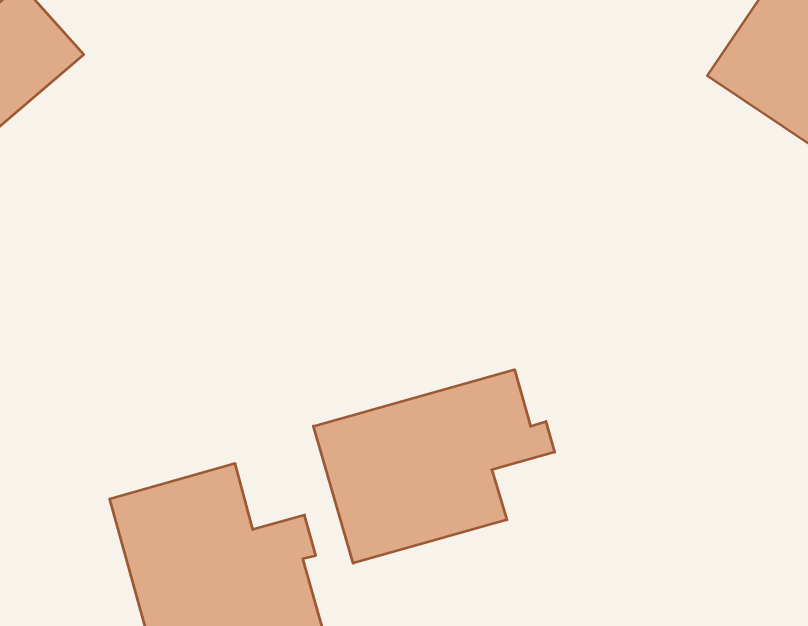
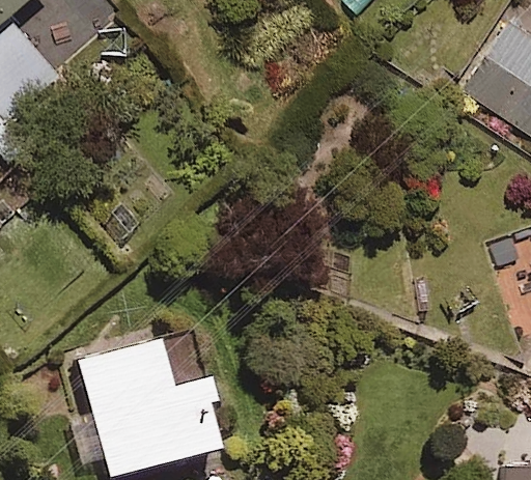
building: [313,370,555,563] -> none

